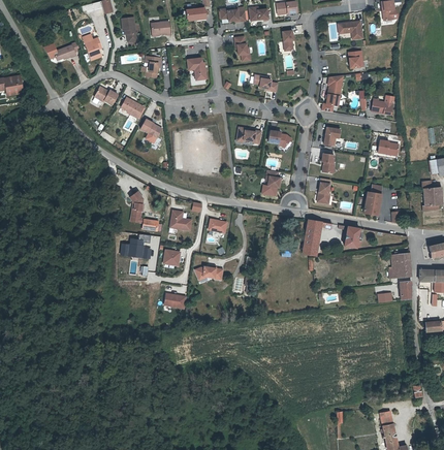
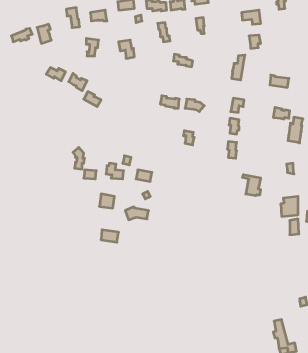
building: [367,183,385,215] -> [288,117,303,143]
building: [303,219,334,255] -> none
building: [120,237,152,258] -> none

